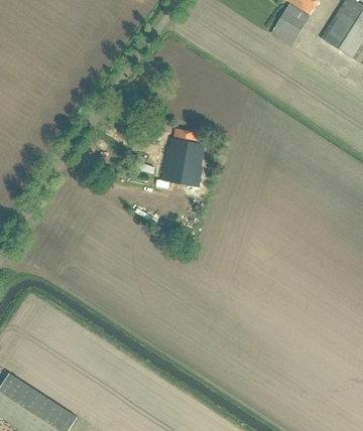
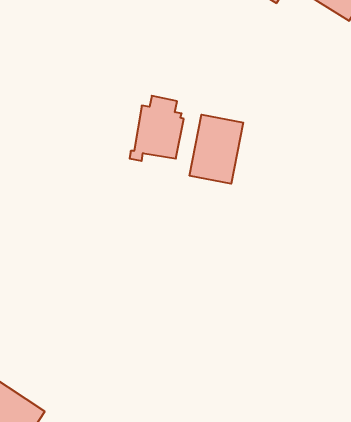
building: none -> [190,115,243,184]

